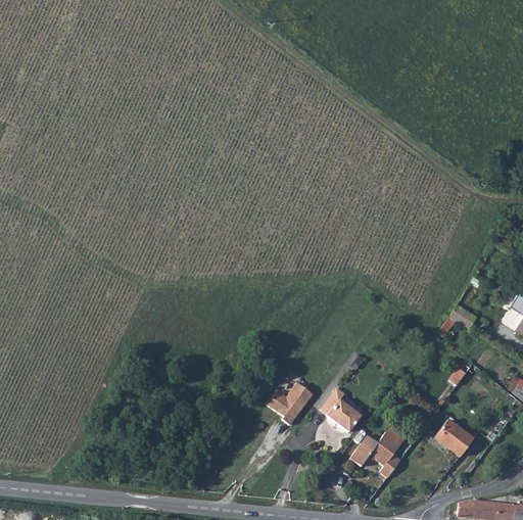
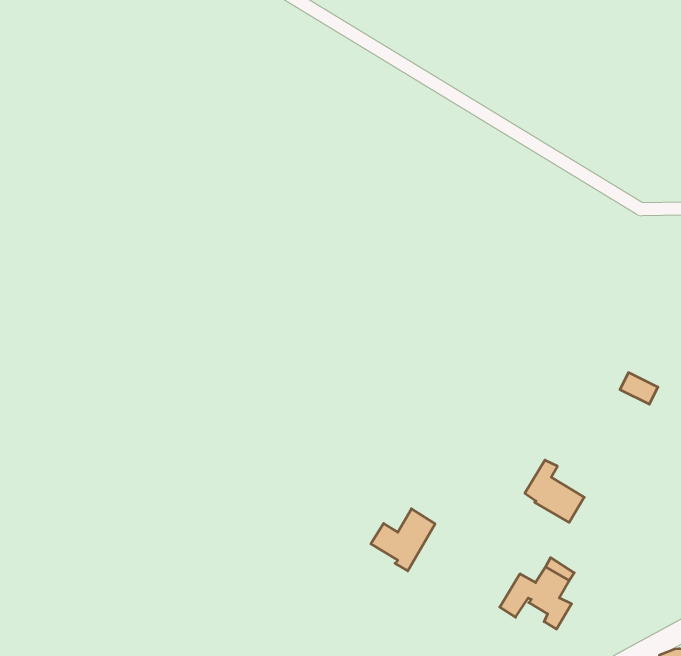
building: [322,387,363,432] -> [525,460,584,522]
building: [437,419,473,456] -> none

